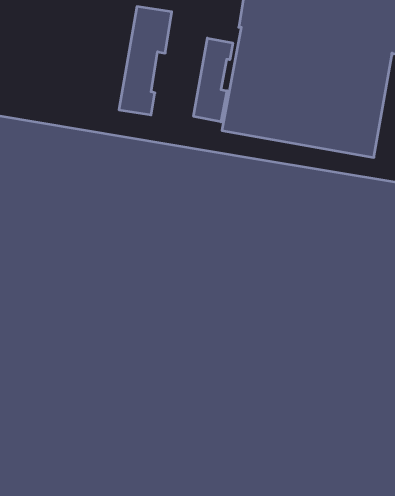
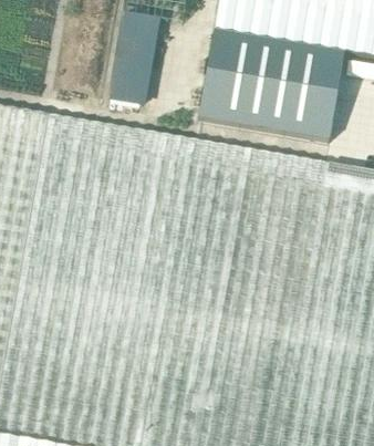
building: [194,38,233,122] -> none

